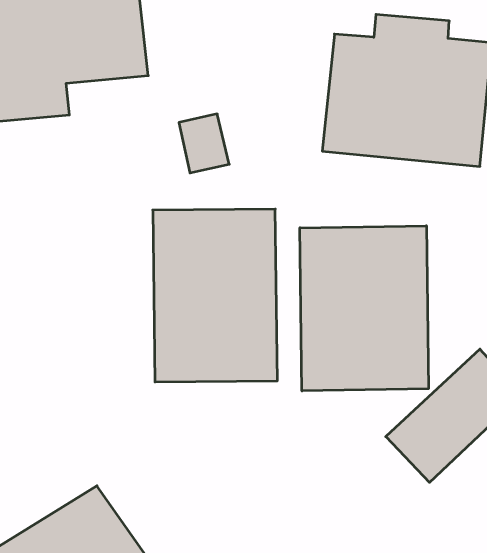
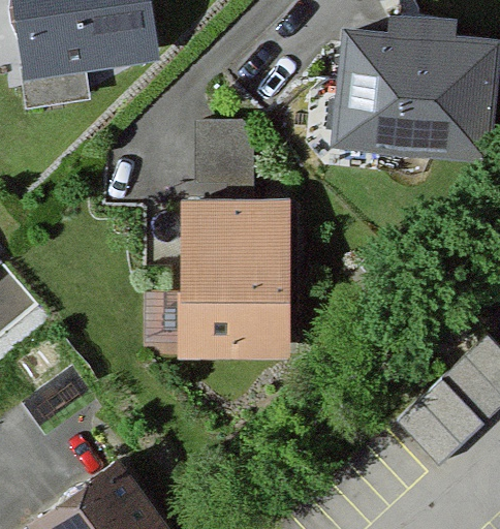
building: [300,226,428,391] -> none

